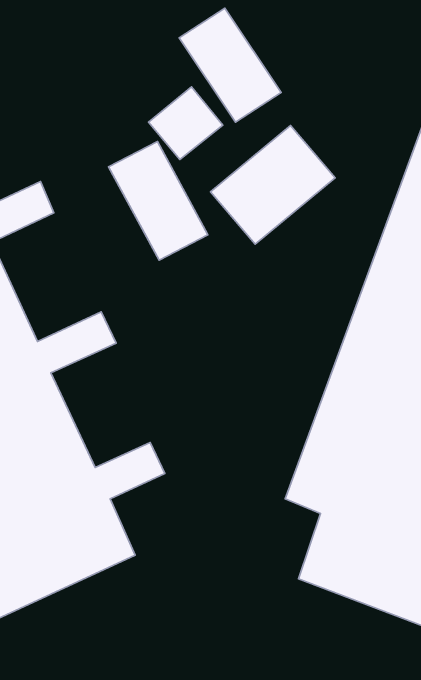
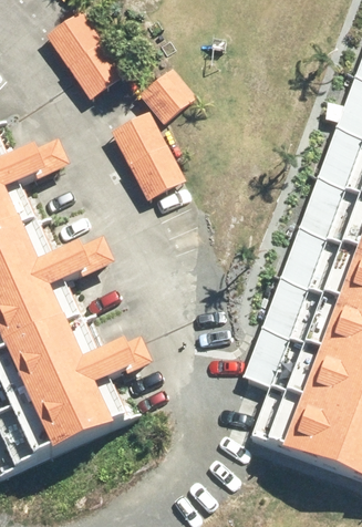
building: [179,8,281,122] -> [48,12,124,97]
building: [211,126,335,244] -> none

